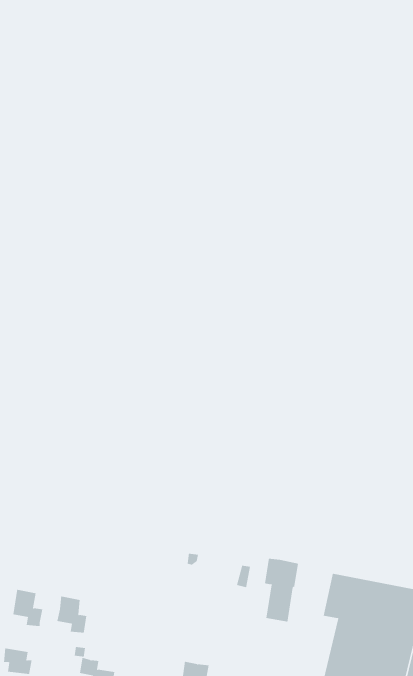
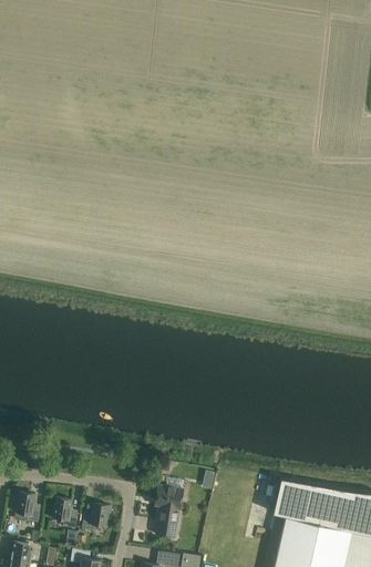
building: [264,558,299,622] -> [154,485,183,538]
building: none -> [81,503,109,532]

